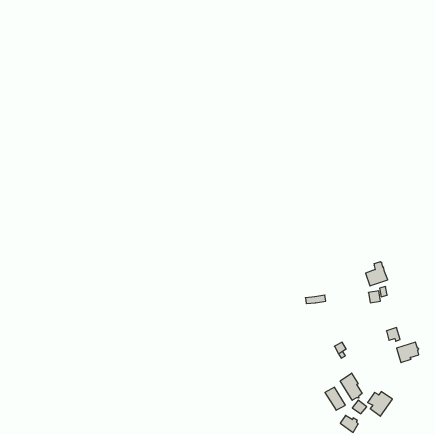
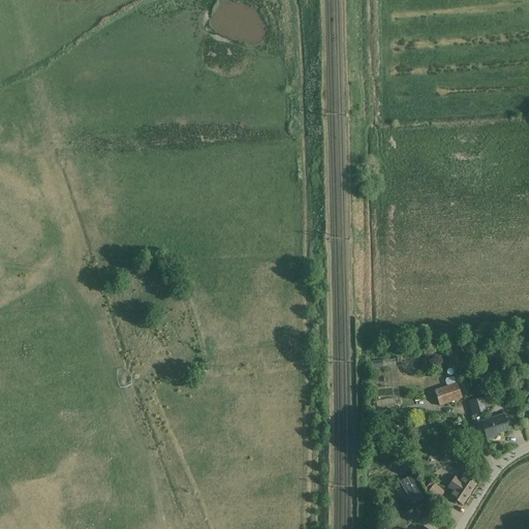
building: [366,262,388,286] -> [434,376,461,405]
building: [340,373,362,400] -> none

